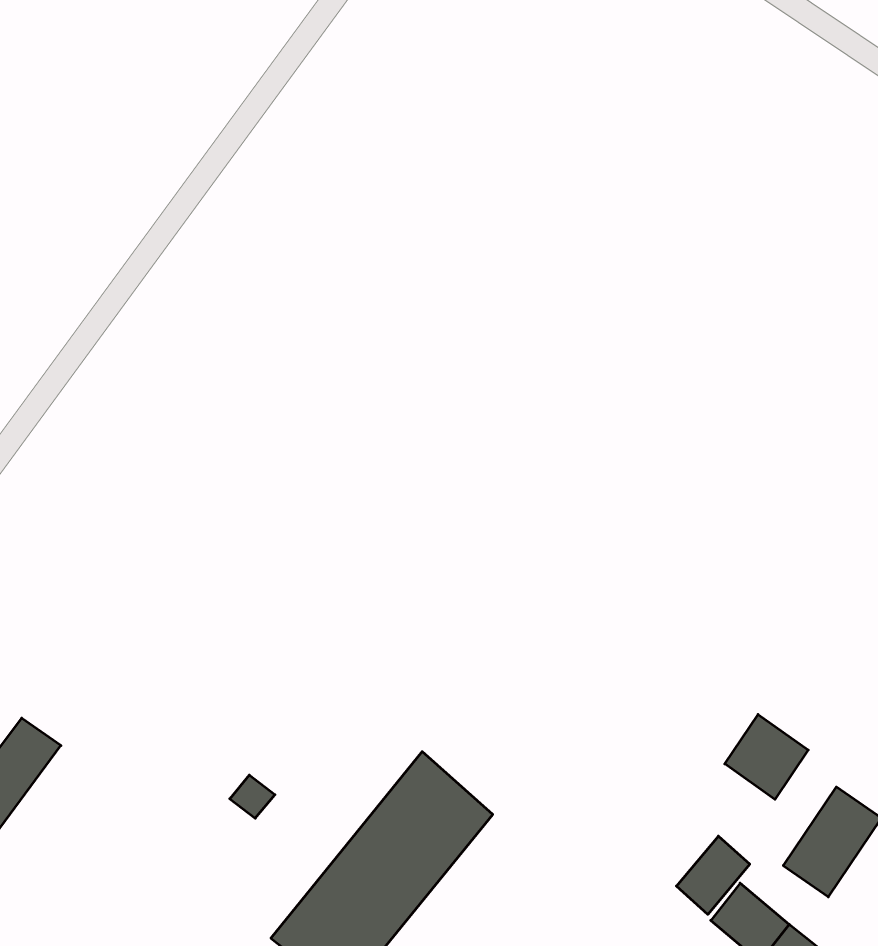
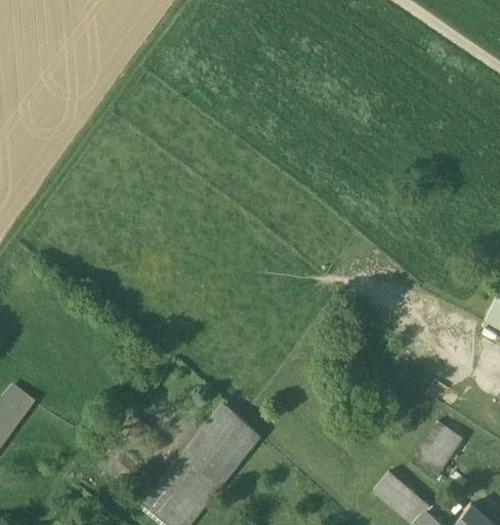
building: [725,714,808,799] -> none
building: [676,836,750,914] -> none

